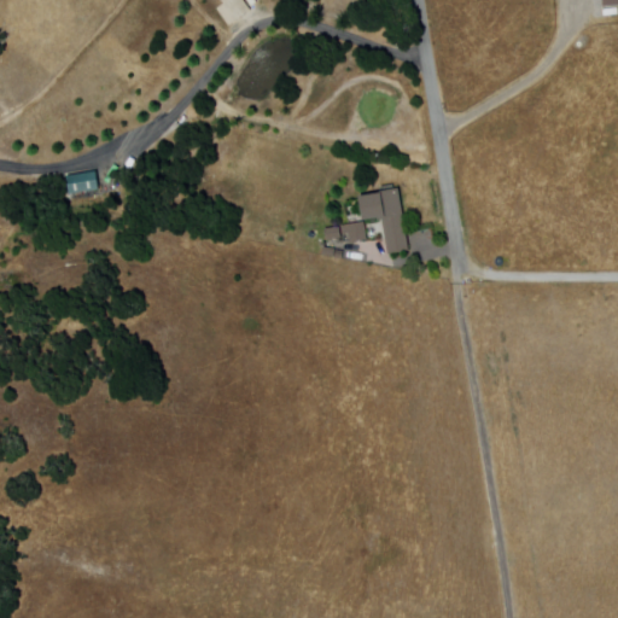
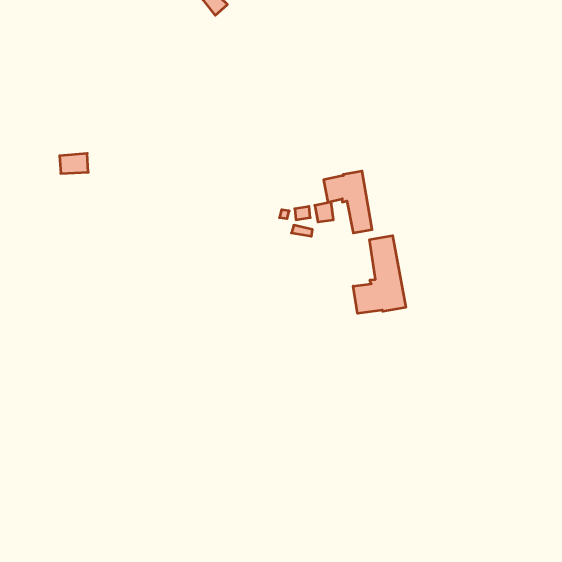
building: none -> [353,236,406,313]

